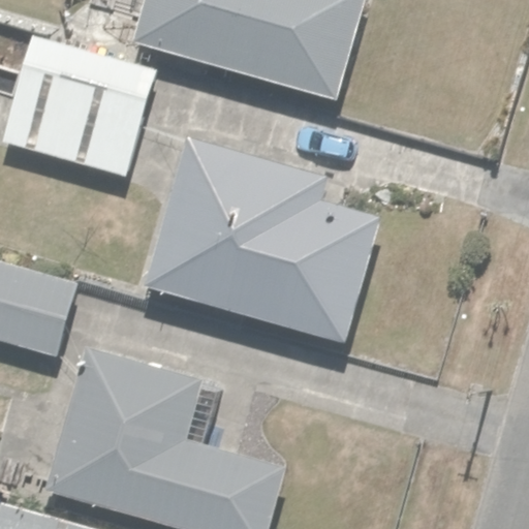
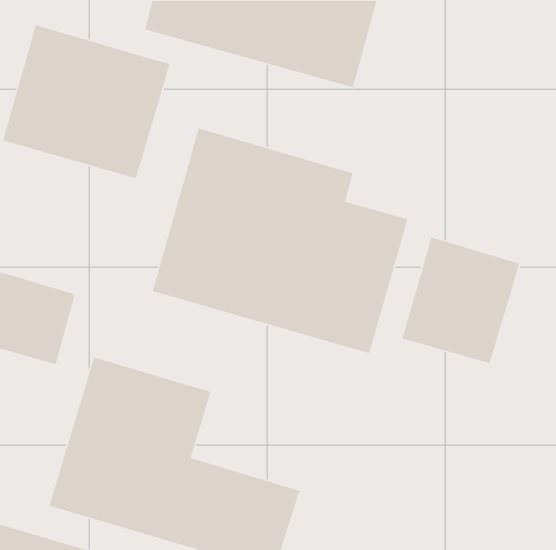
building: none -> [401,237,520,364]

